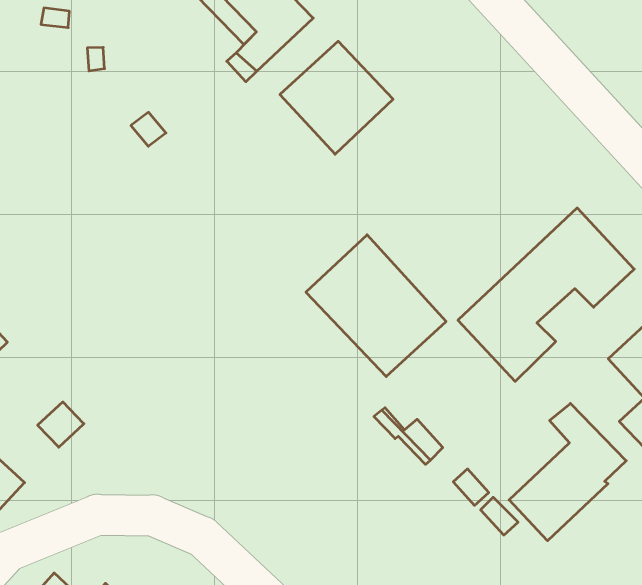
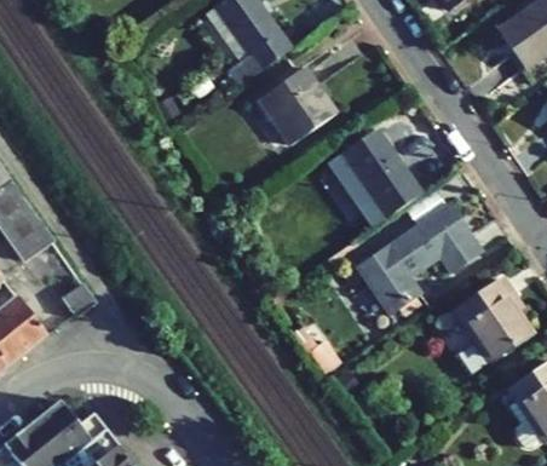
building: [306,235,446,377] -> [330,127,422,225]
building: [509,403,626,541] -> none

